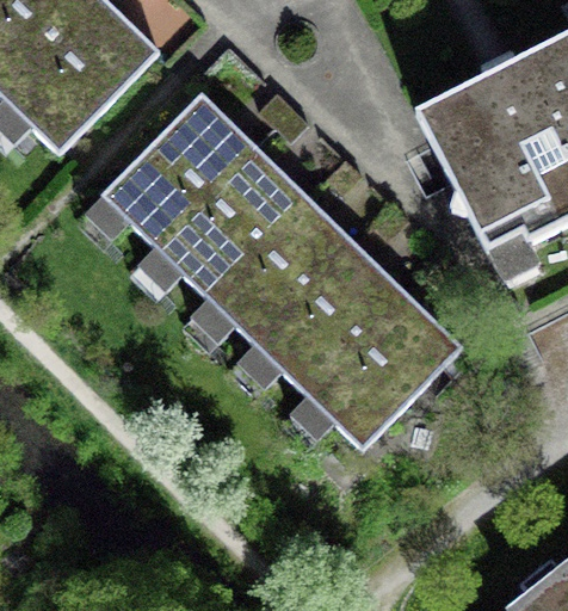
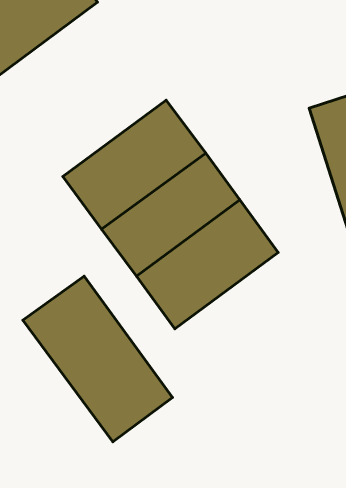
building: [101,93,255,248] -> none
building: [308,292,463,449] -> none
building: none -> [23,276,173,442]

